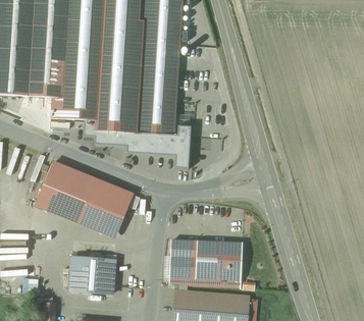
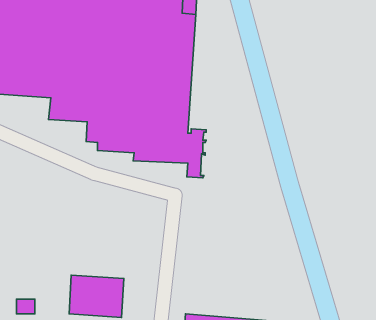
building: [36,161,131,233] -> none
building: [169,238,241,287] -> none

